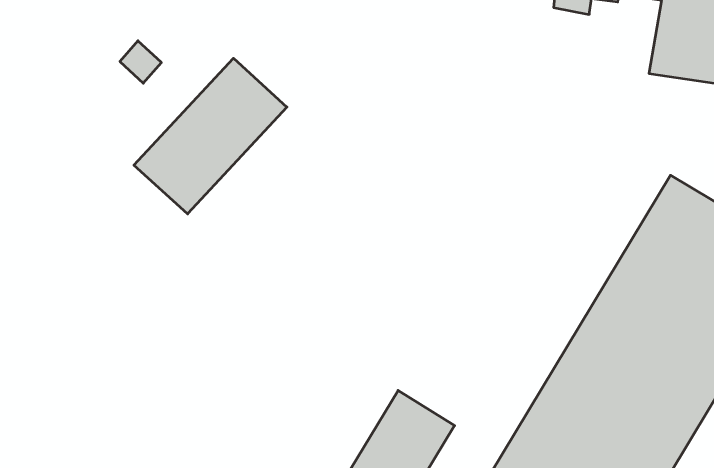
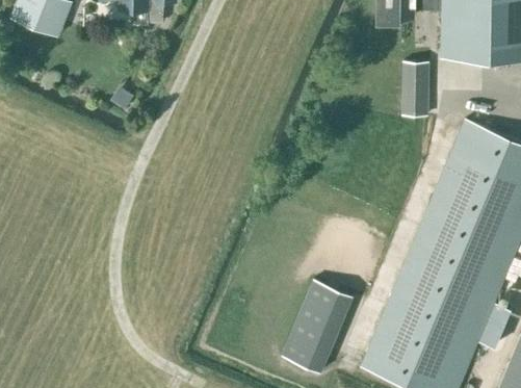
building: [134,58,287,214] -> none
building: none -> [402,62,426,118]

